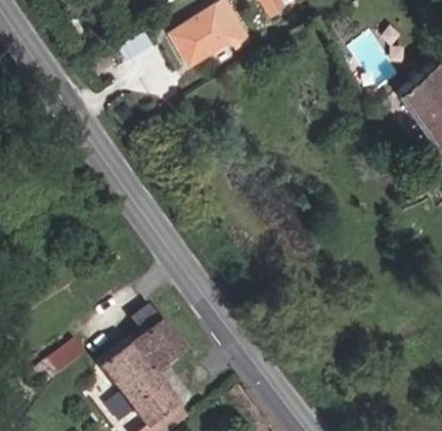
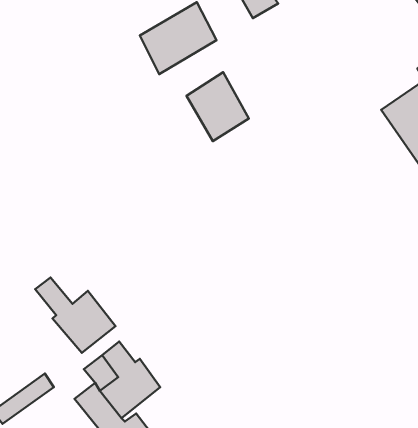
building: none -> [186,72,249,141]
building: none -> [35,277,116,353]

